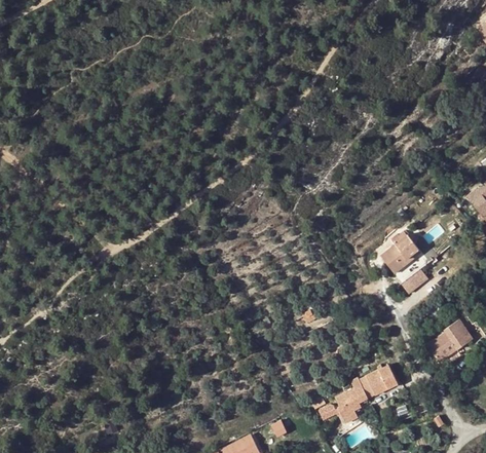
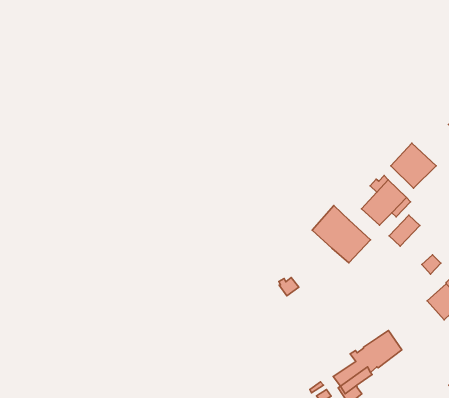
building: none -> [391,143,436,188]
building: none -> [312,205,371,263]

